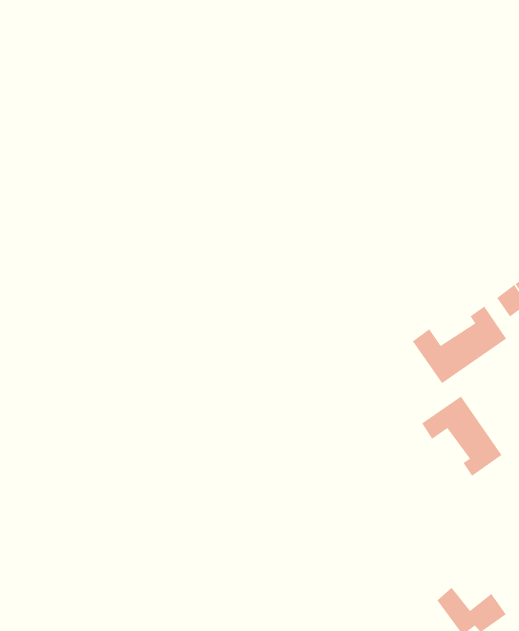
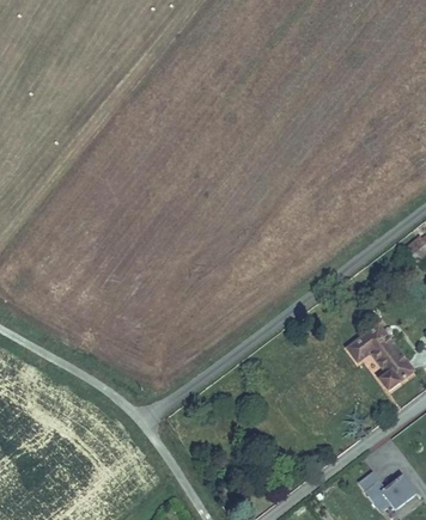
building: [412,306,507,384] -> none

